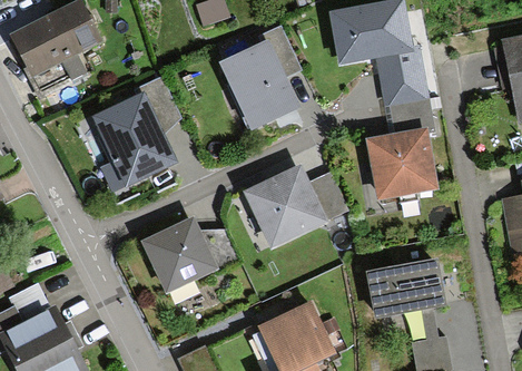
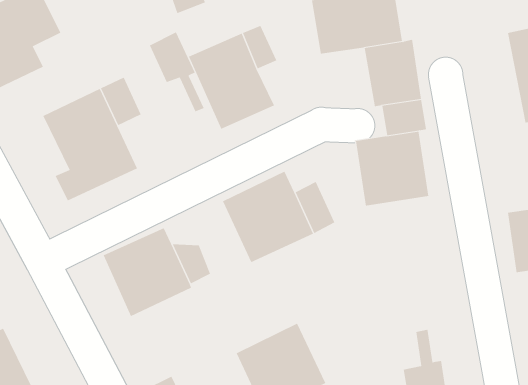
building: none -> [149,31,204,112]
building: [366,260,440,314] -> none

